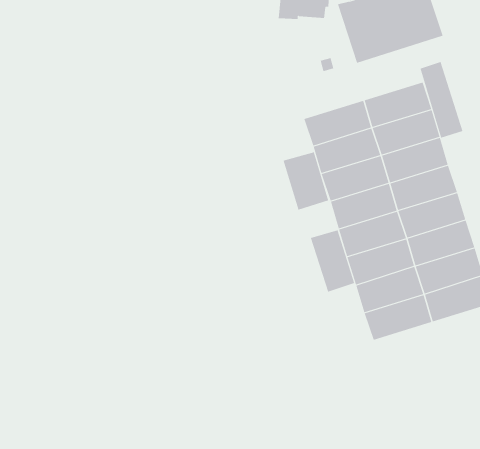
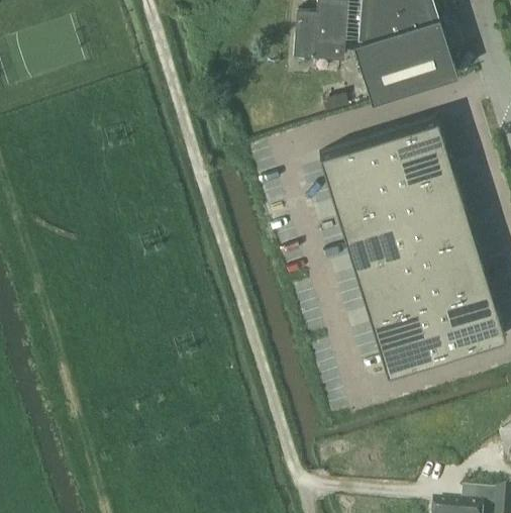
building: [420,61,463,138] -> none
building: [283,151,329,210] -> none
building: [310,229,355,292] -> none

